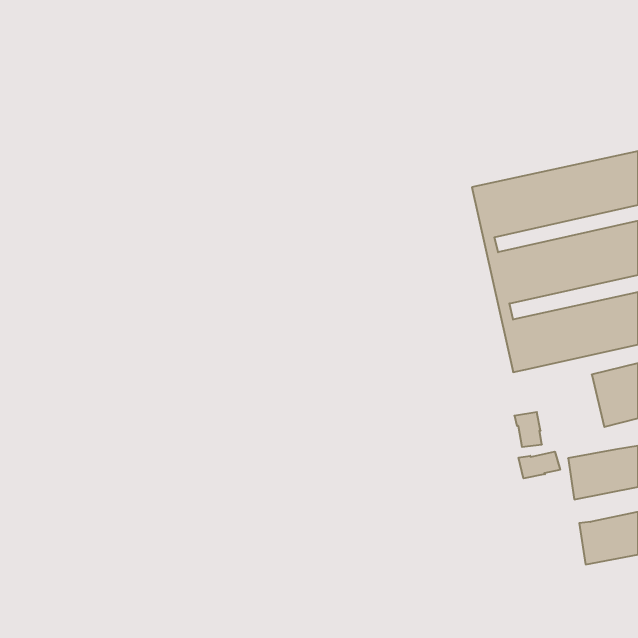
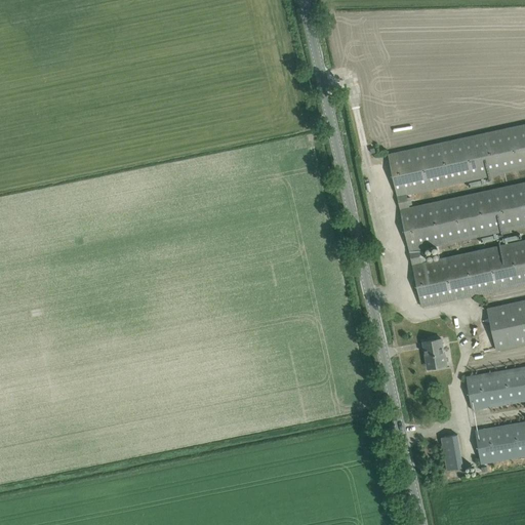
building: [519,452,560,478] -> none
building: none -> [441,435,463,470]

